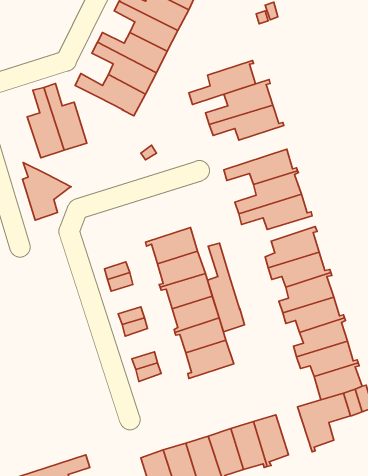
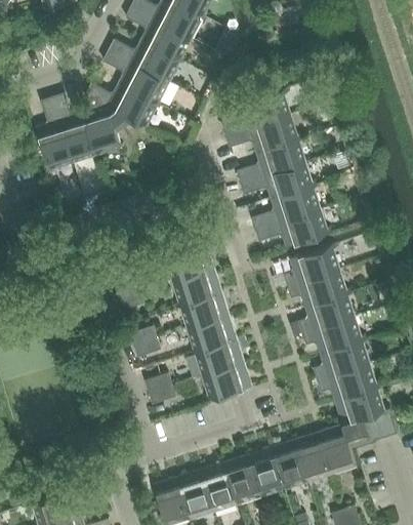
building: [189,60,255,105] -> [237,137,306,184]
building: [22,162,71,220] -> [84,95,135,156]
building: [207,243,245,332] -> none
building: none -> [295,432,333,482]

